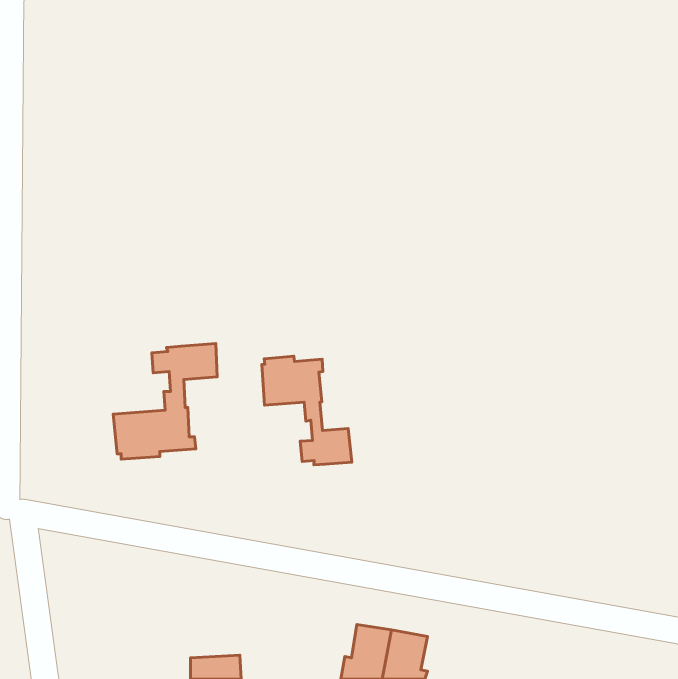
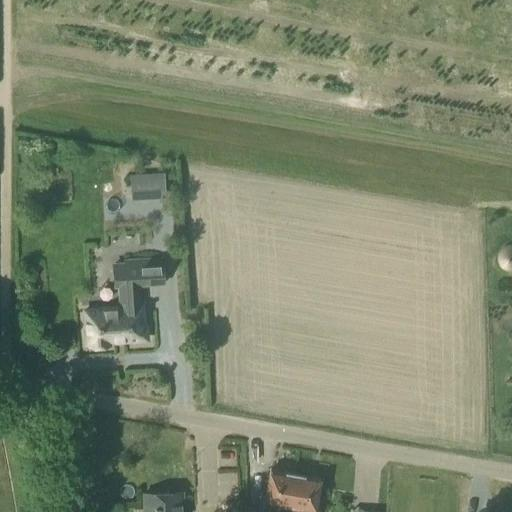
building: none -> [131,173,154,199]
building: [262,356,352,465] -> none

